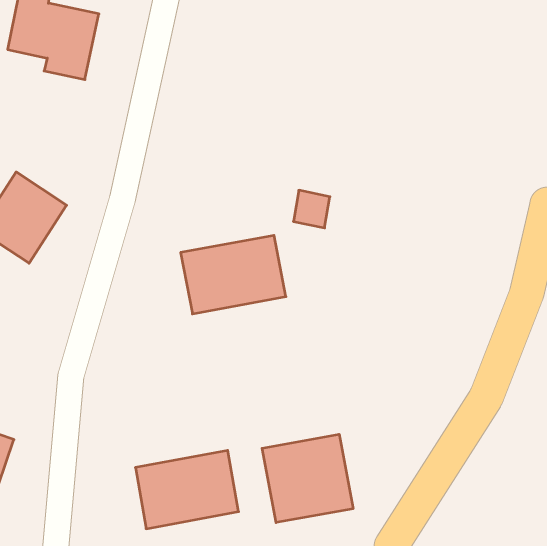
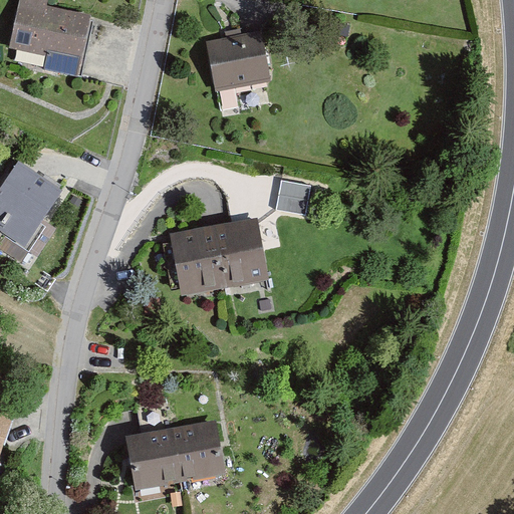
building: none -> [206,29,268,89]
building: [262,434,353,523] -> none

